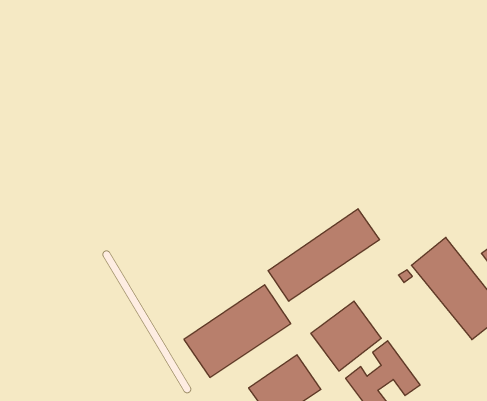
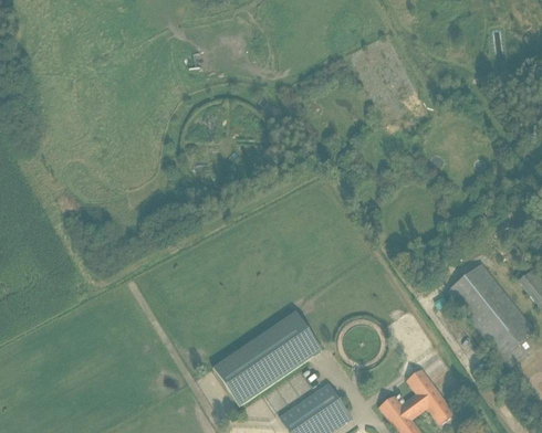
building: [268,209,380,301] -> none
building: [311,301,381,371] -> none

